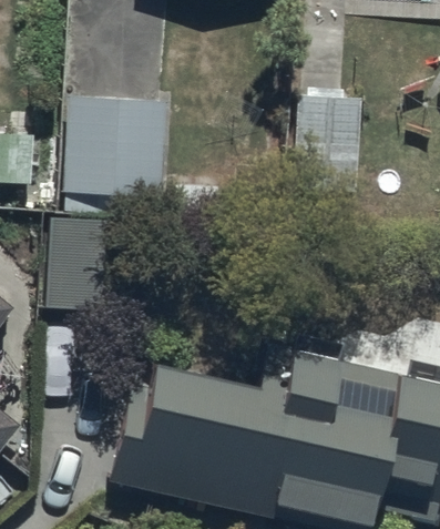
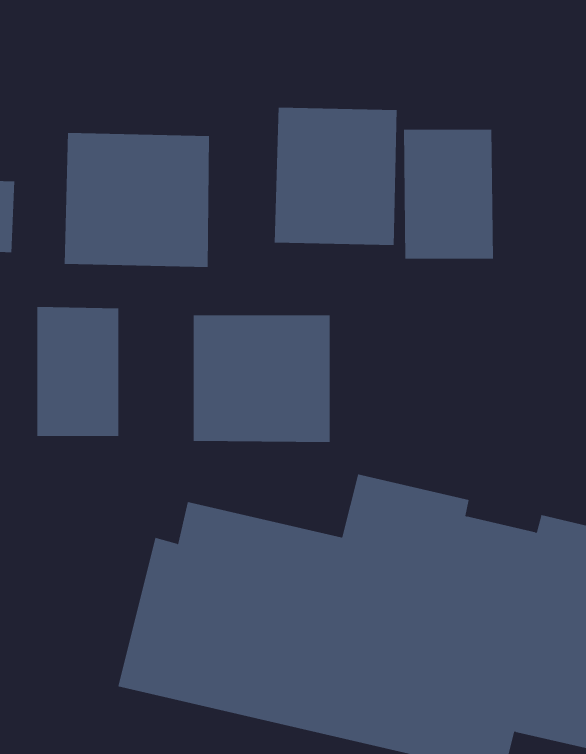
building: none -> [274,107,397,246]
building: none -> [193,315,330,443]

